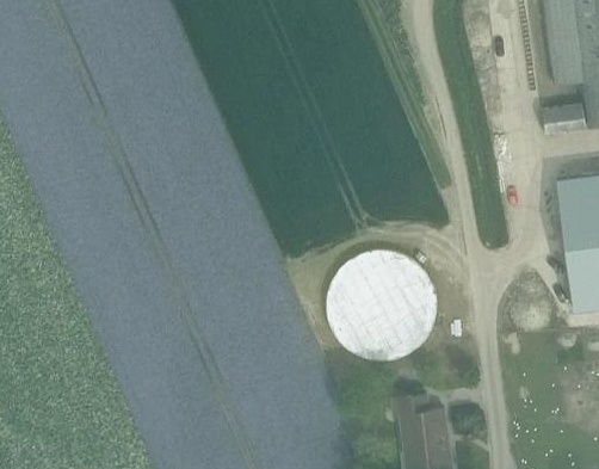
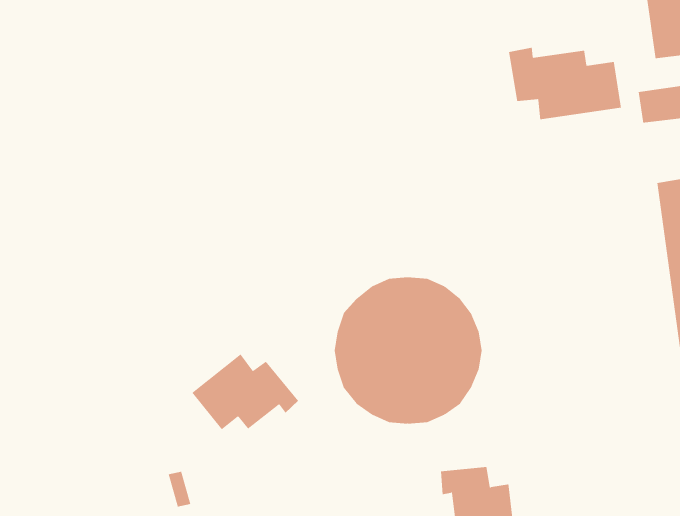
building: none -> [508,47,622,120]
building: none -> [191,353,299,430]

